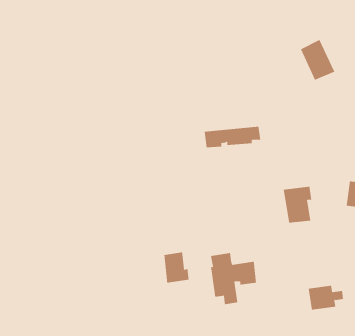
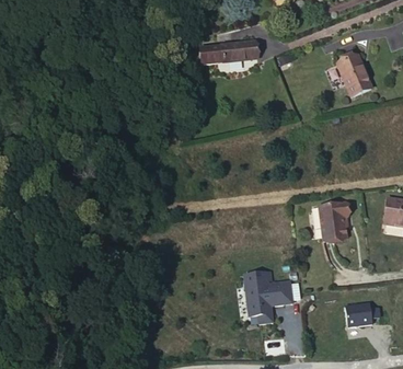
building: [204,126,261,148] -> [199,41,257,62]
building: [164,251,189,283] -> none

